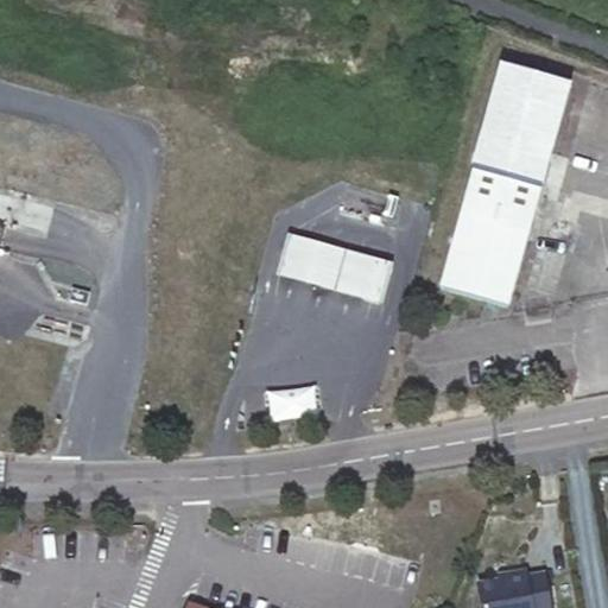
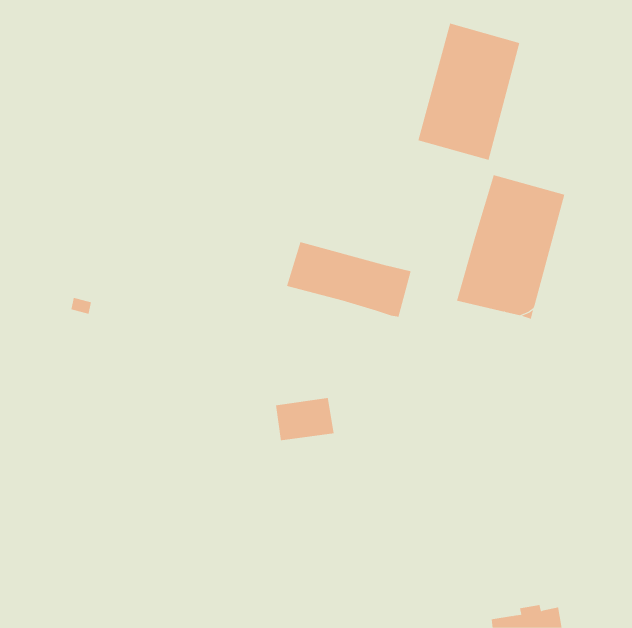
building: [473,55,571,186] -> [417,23,520,160]

